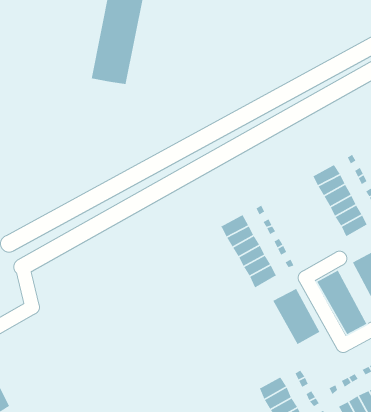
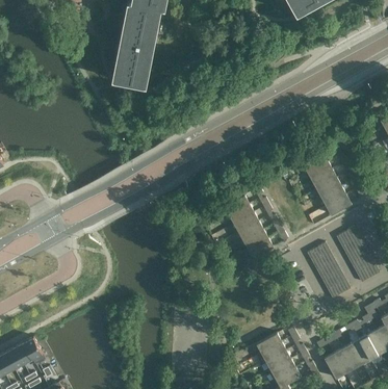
building: [272,288,320,345] -> none

